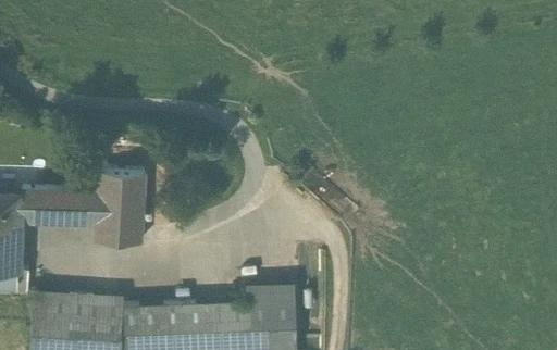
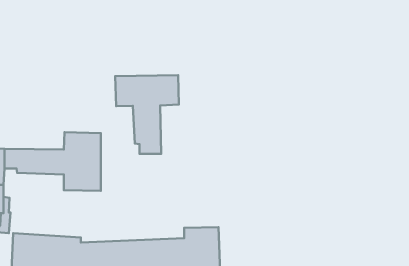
building: none -> [115,75,179,154]

